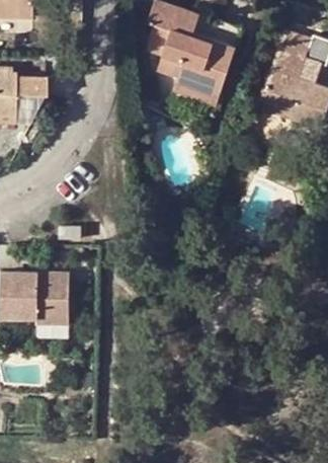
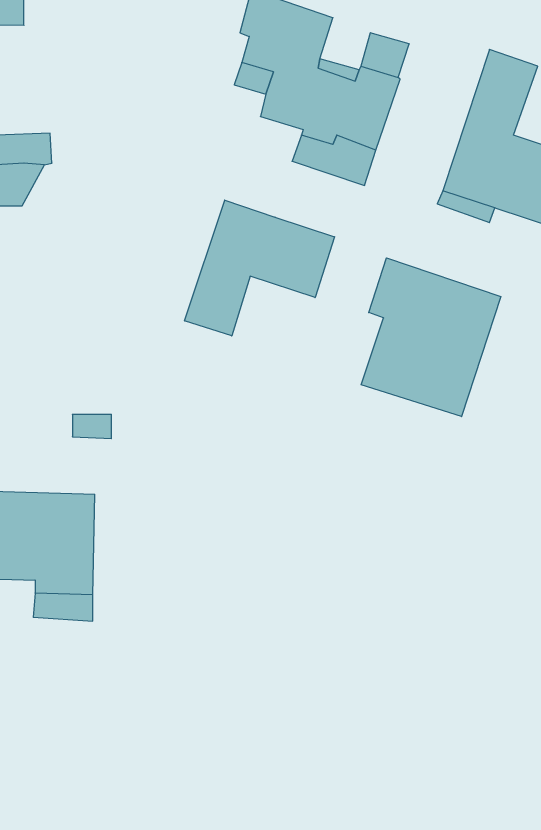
building: none -> [185,200,335,336]
building: none -> [361,258,501,417]

